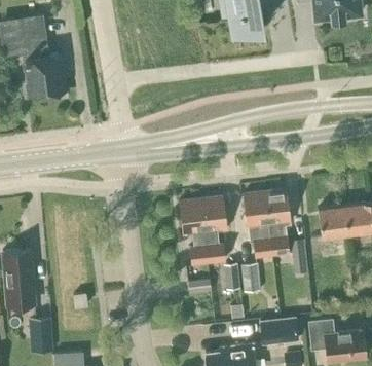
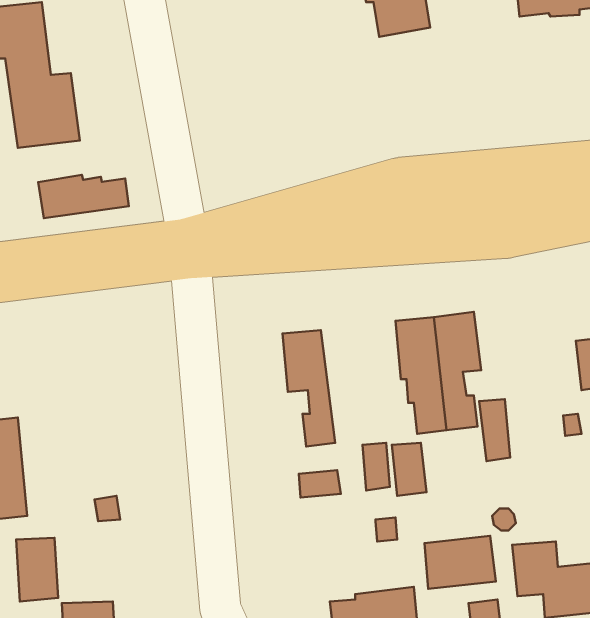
building: none -> [38,175,129,218]
building: [200,196,227,263] -> none
building: [318,206,347,237] -> none

